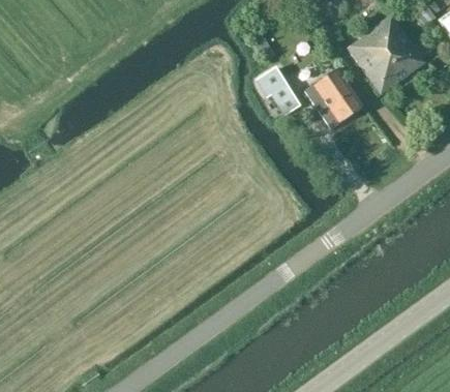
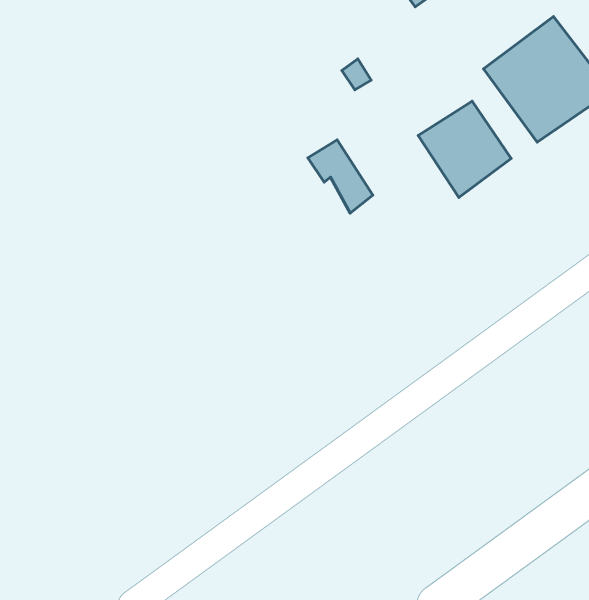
building: [258,68,299,115] -> [308,140,373,213]

